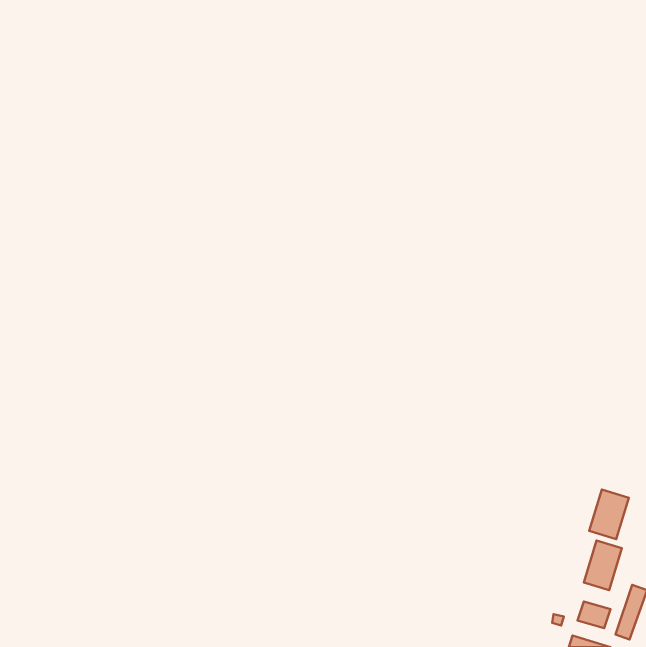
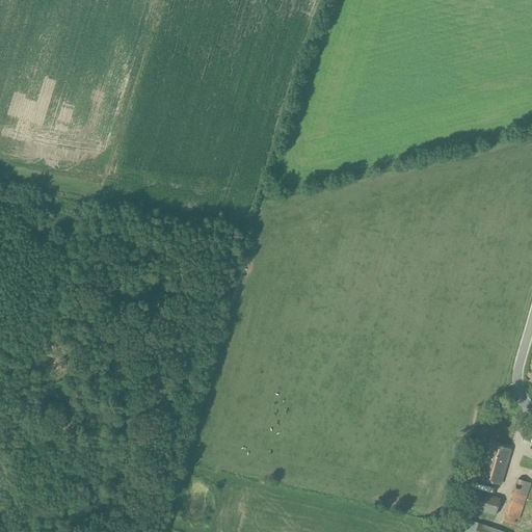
building: [589,489,629,539] -> none

